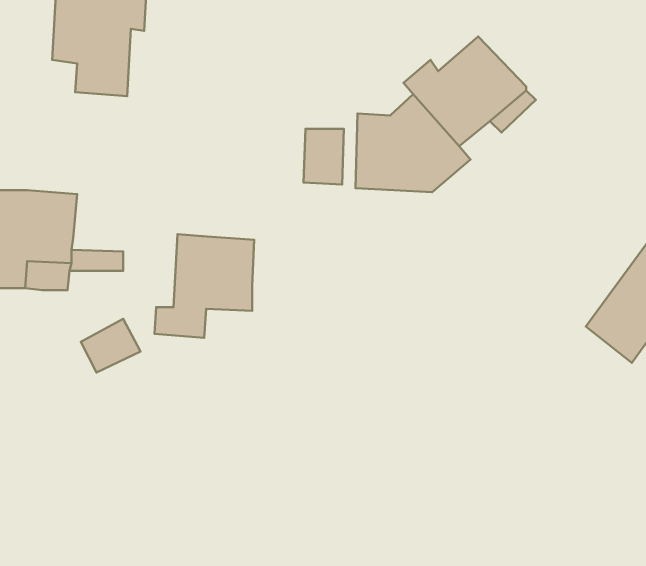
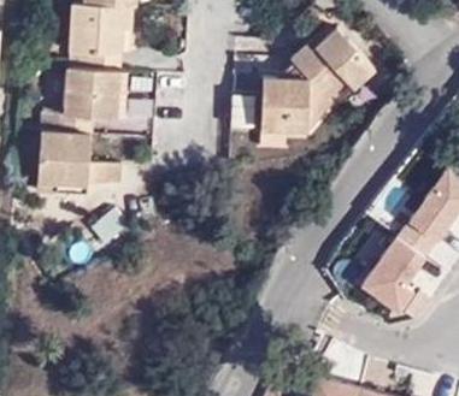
building: [154,234,254,338] -> [57,69,119,134]
building: none -> [357,231,426,317]

